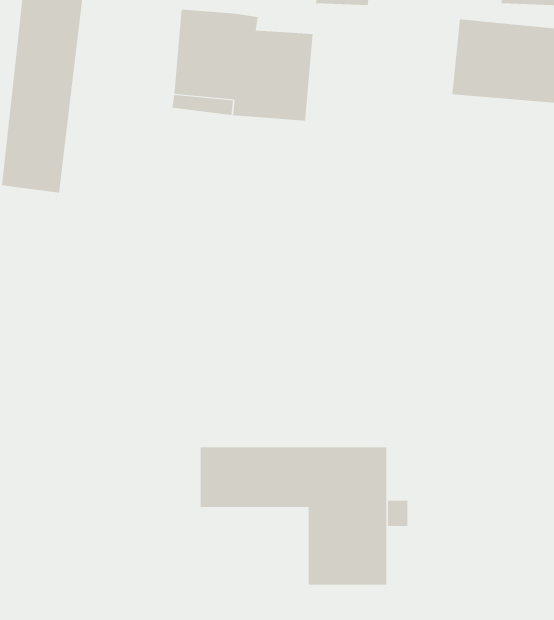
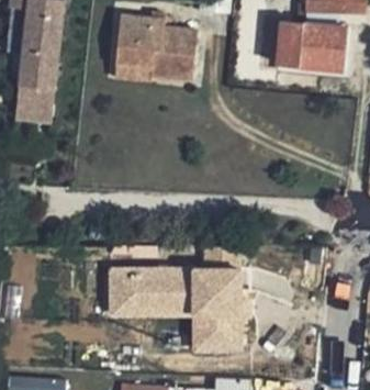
building: none -> [111,269,193,313]

